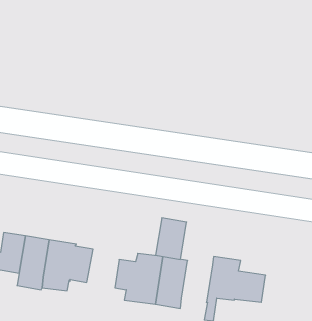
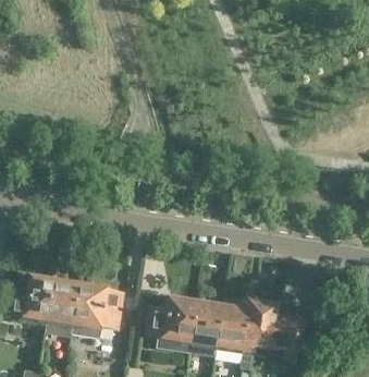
building: [155,218,187,259] -> [216,304,248,348]

